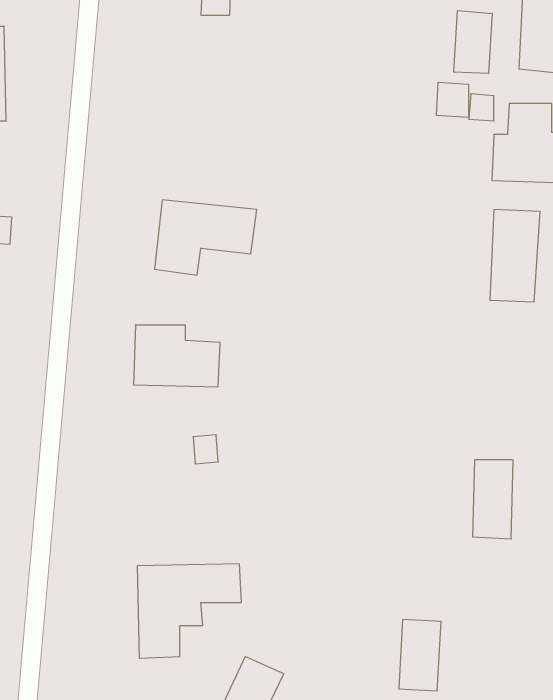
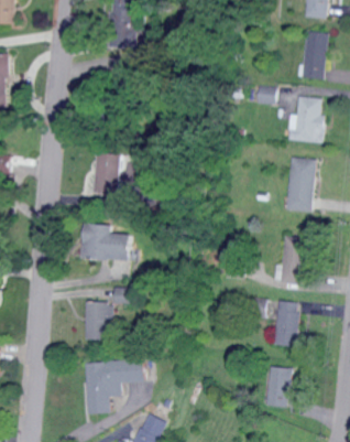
building: [454,11,492,74] -> none
building: none -> [274,236,307,284]
building: none -> [85,301,111,341]
building: [399,620,441,691] -> [267,367,292,408]

